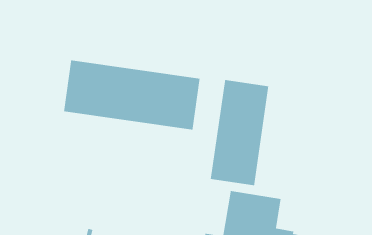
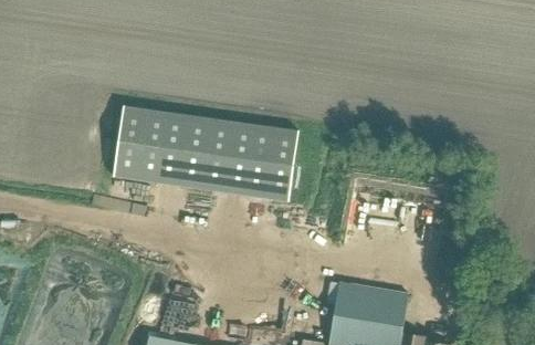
building: [210,79,269,186] -> none

